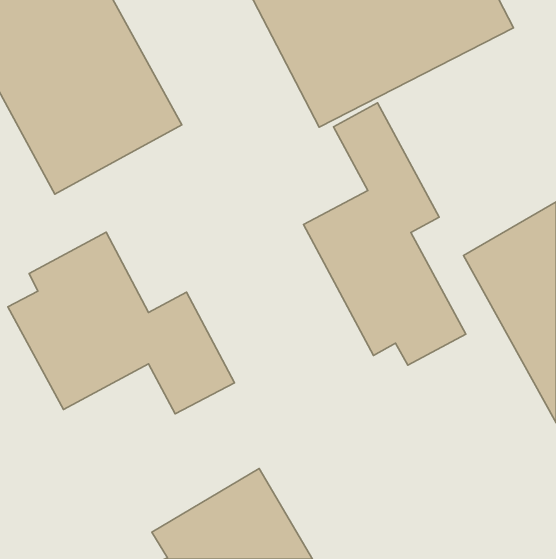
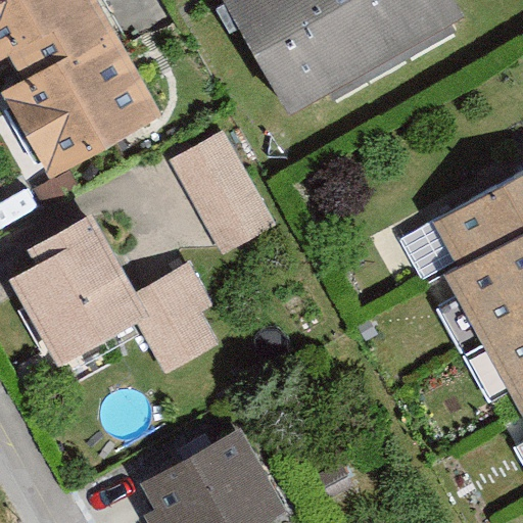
building: [304,103,466,365] -> none
building: none -> [162,126,268,250]

